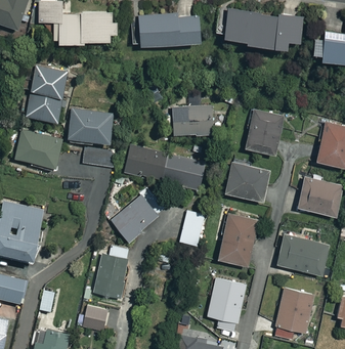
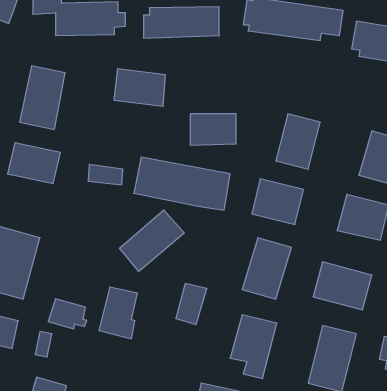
building: [69,110,113,141] -> [114,69,166,106]
building: [180,211,207,246] -> [176,284,207,325]
building: [82,305,115,331] -> [48,299,87,329]

